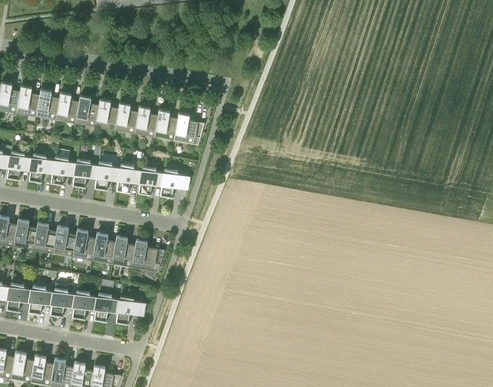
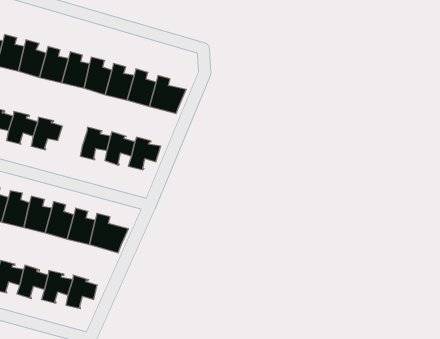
building: [94,161,120,190] -> none

